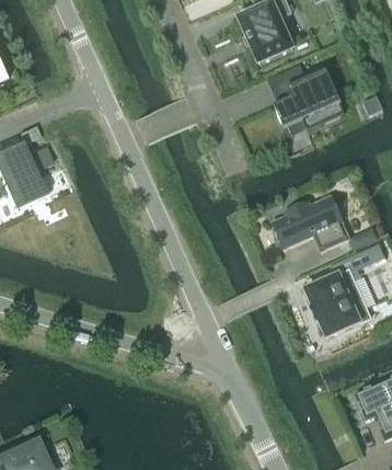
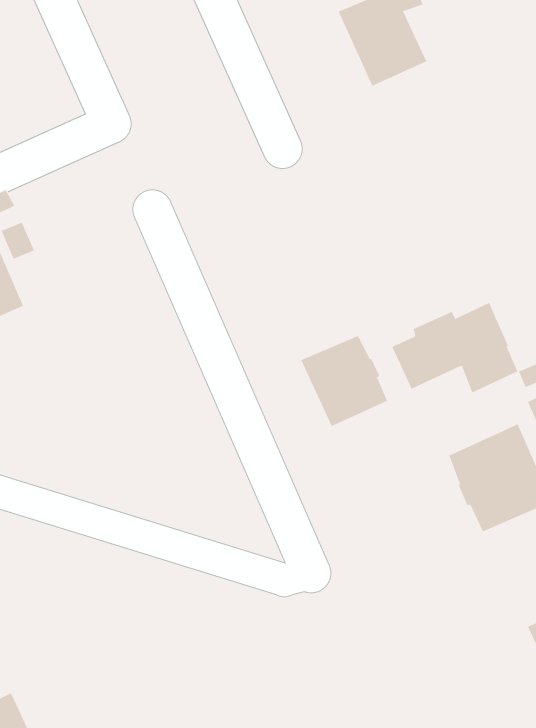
building: [276,62,345,135] -> none
building: none -> [301,335,388,427]

